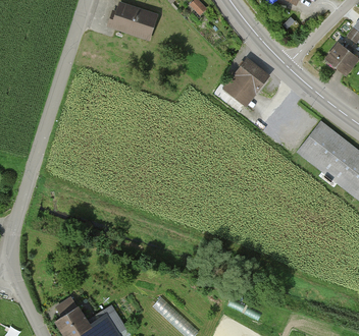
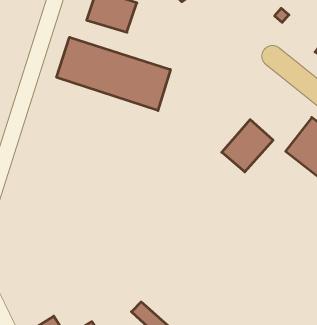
building: none -> [57,37,170,111]
building: [221,57,269,106] -> [222,120,273,172]

